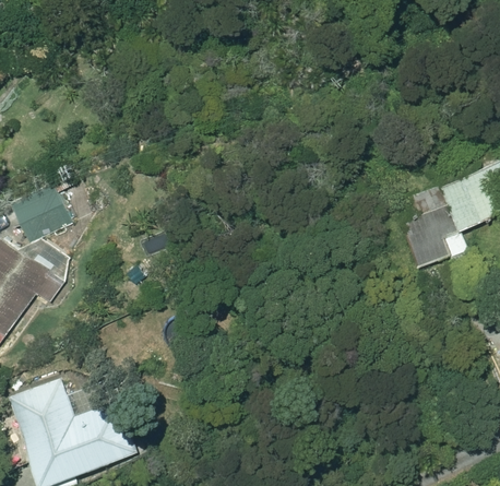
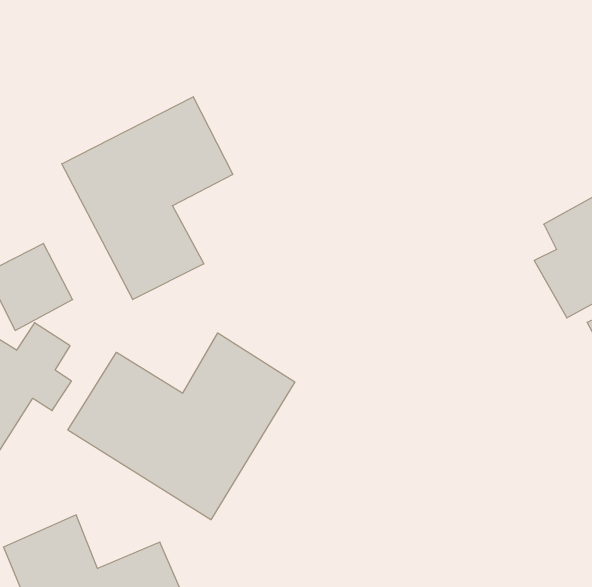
building: none -> [62,97,233,300]
building: none -> [68,333,295,520]

